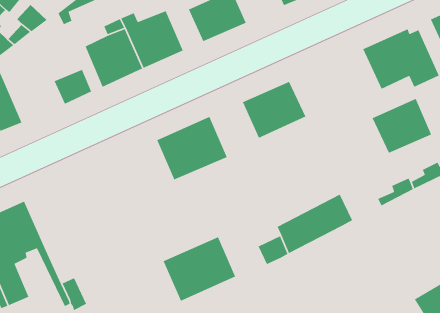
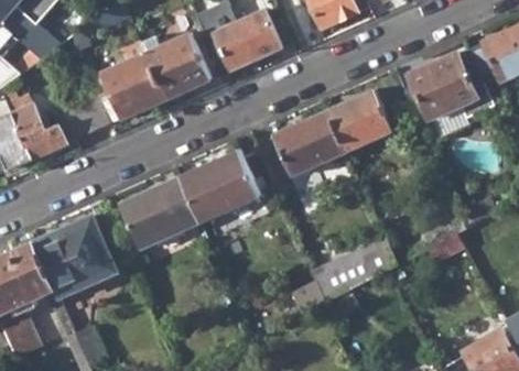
building: none -> [11,103,66,157]
building: [372,98,432,154] -> [326,89,393,151]
building: none -> [33,217,117,298]
building: [163,236,236,302] -> [117,176,198,249]

